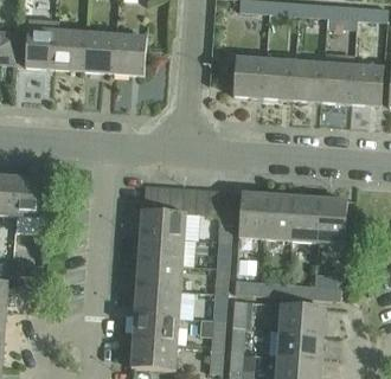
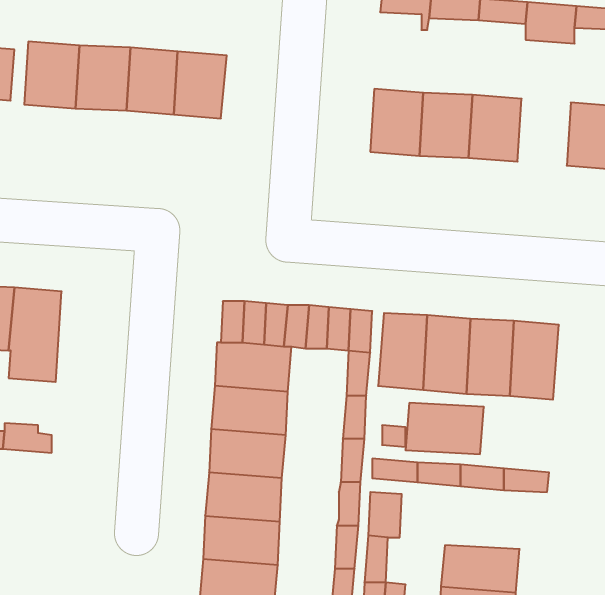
building: [322,63,354,103] -> none
building: [278,303,326,334] -> [405,403,484,454]

